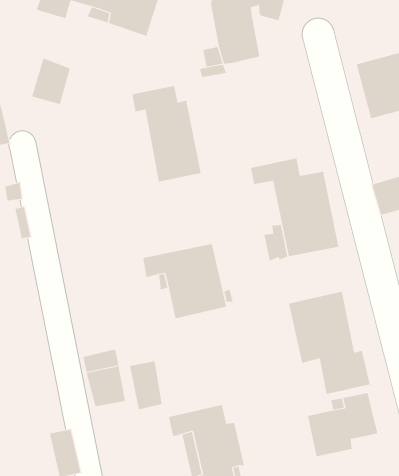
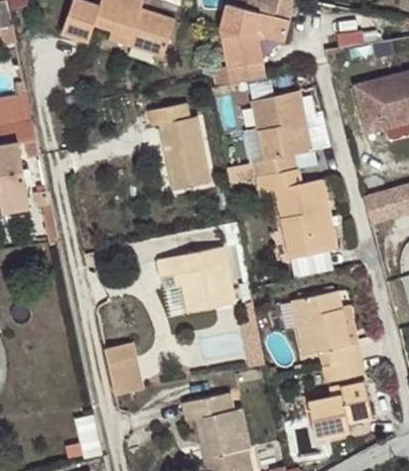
building: [31,58,70,105] -> none
building: none -> [250,91,312,178]
building: [129,361,162,410] -> none

